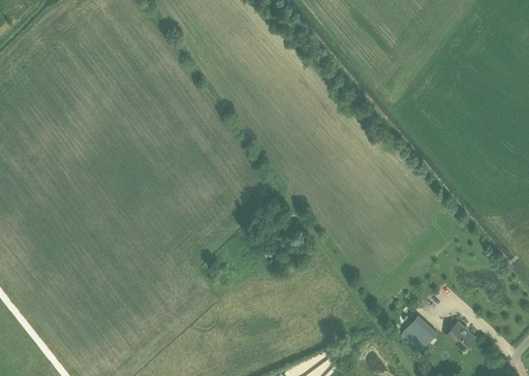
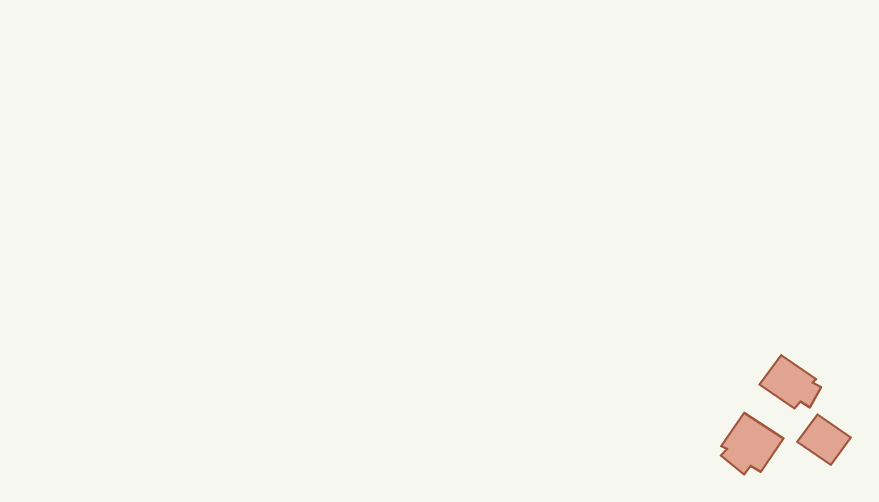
building: none -> [759,355,821,409]

